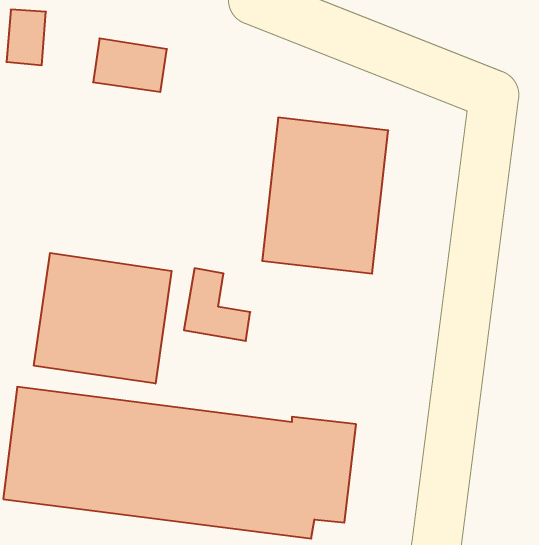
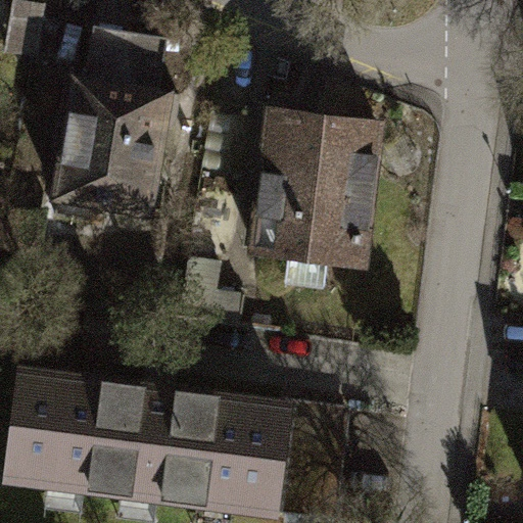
building: none -> [54,89,177,236]
building: [34,253,172,384] -> none

